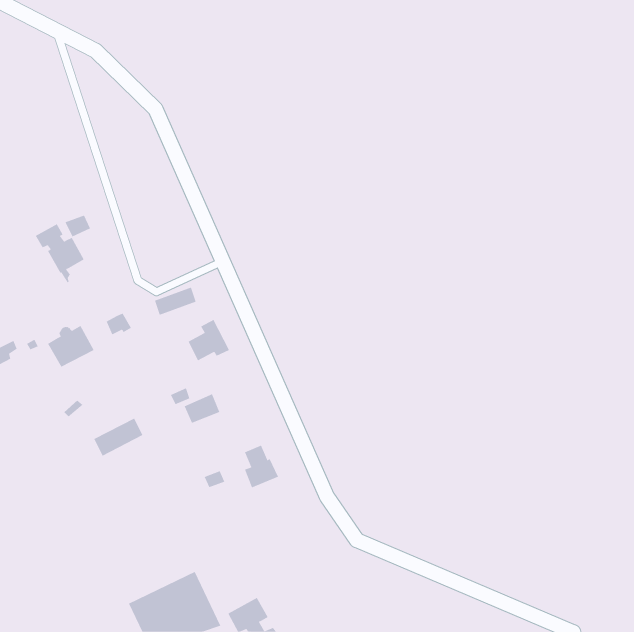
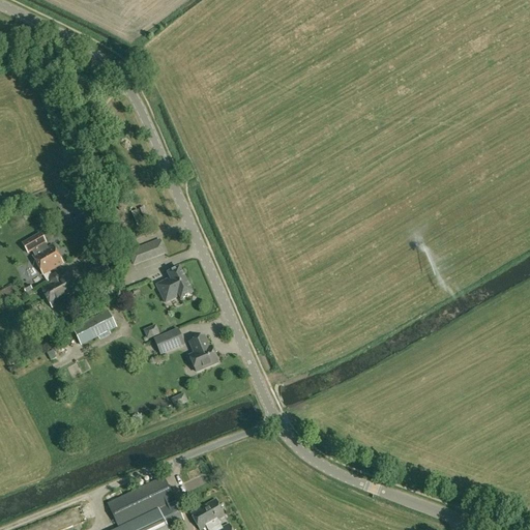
building: [35,223,85,283] -> [21,232,62,282]
building: [93,418,143,456] -> [73,312,115,344]
building: [244,445,279,488] -> [188,334,217,371]

